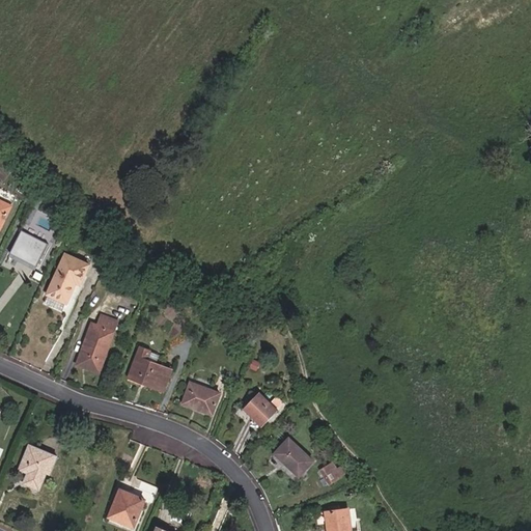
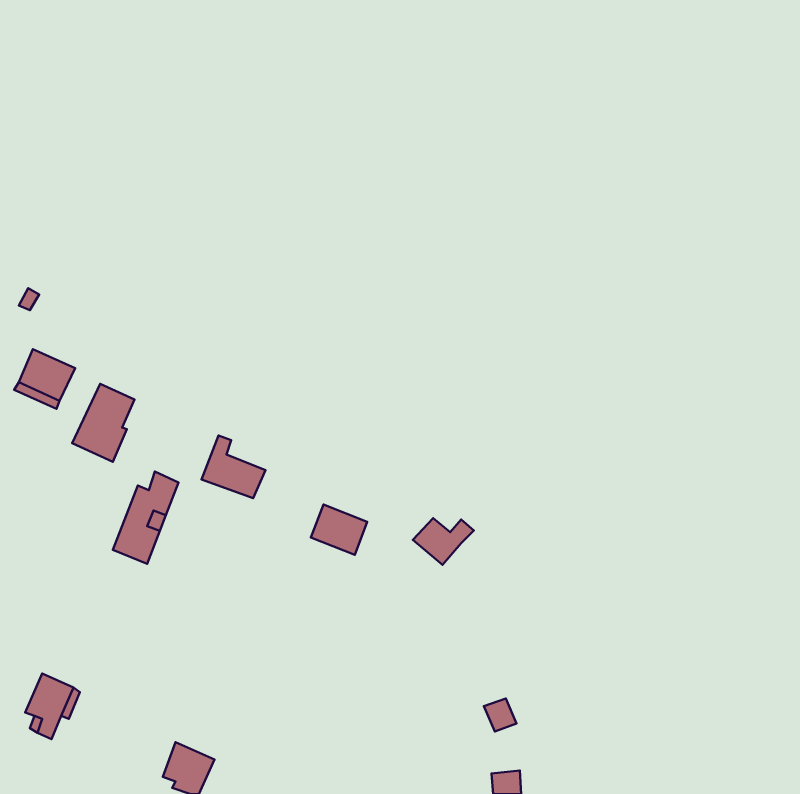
building: [127,346,169,388] -> [201,436,266,498]
building: [181,381,219,414] -> [311,505,367,555]
building: [242,393,282,424] -> [413,518,474,565]
building: [274,437,313,475] -> none

